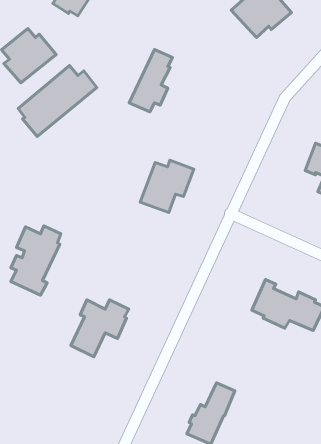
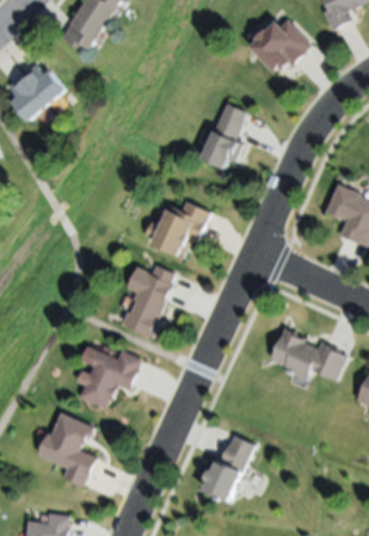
building: [129,49,173,112] -> [201,103,246,168]
building: [18,65,97,137] -> none
building: [11,226,61,295] -> [121,265,173,338]
building: none -> [37,413,96,486]

